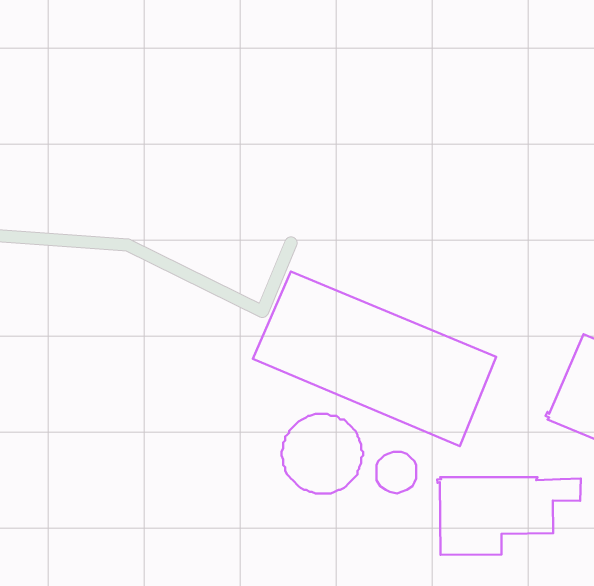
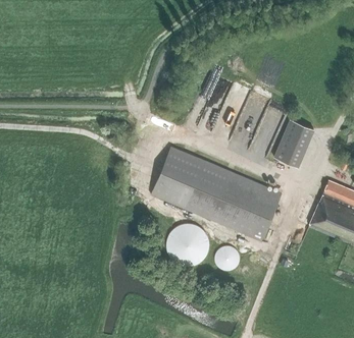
building: none -> [274,119,314,167]
building: [437,477,581,555] -> none

